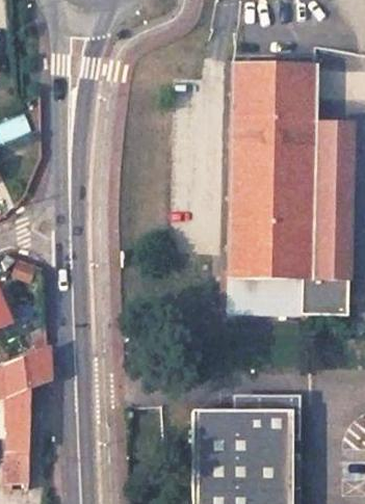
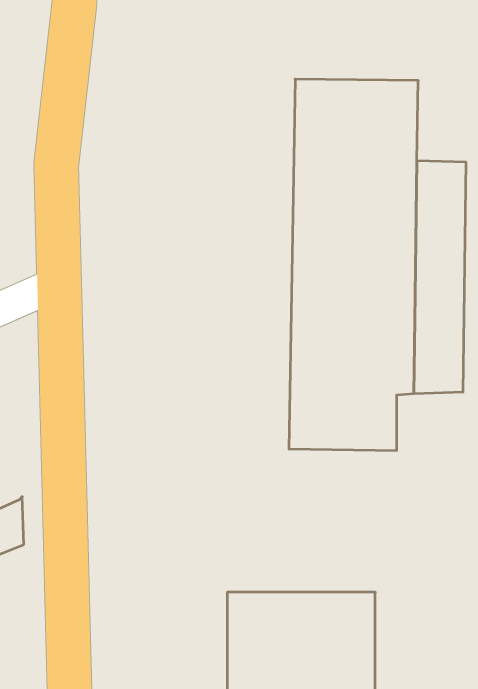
building: [303,275,347,315] -> none

